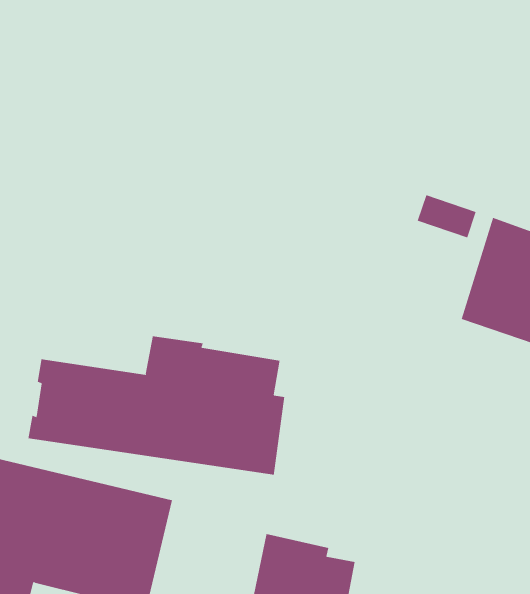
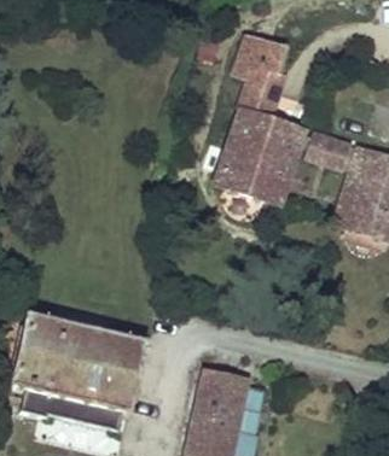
building: none -> [217,24,301,201]
building: [28,335,285,475] -> none

